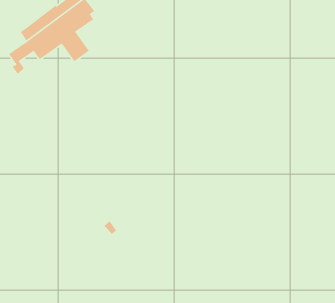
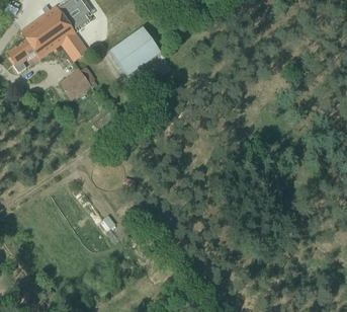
building: none -> [109,27,161,77]
building: none -> [58,70,90,101]

